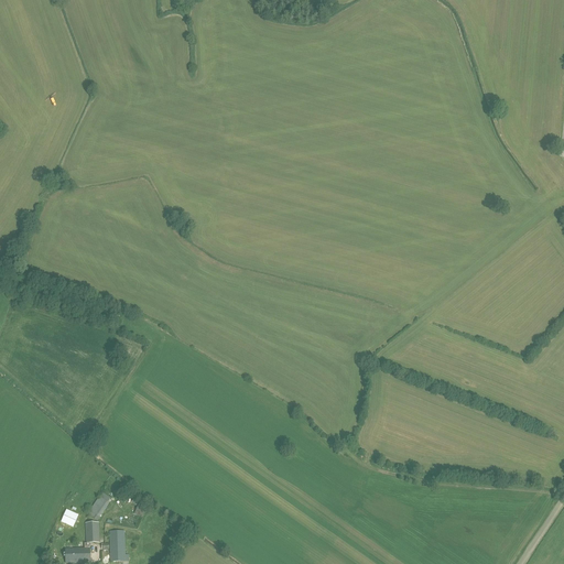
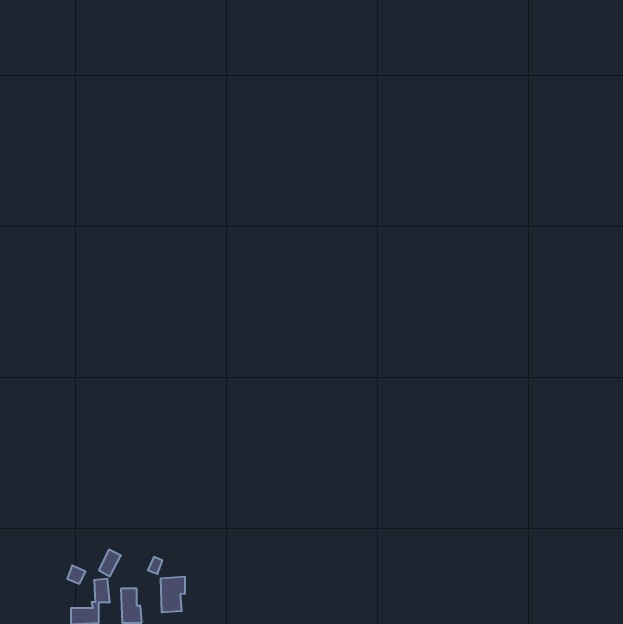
building: none -> [161,577,185,613]

